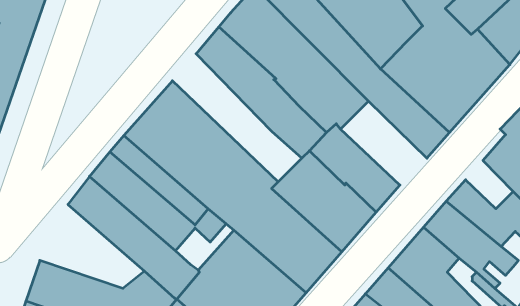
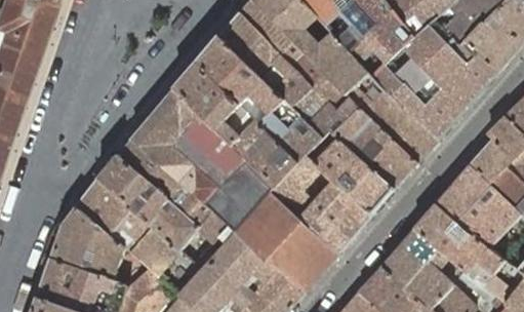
building: none -> [176,63,299,185]
building: none -> [336,108,418,188]
building: none -> [455,164,500,210]
building: none -> [50,206,150,286]

